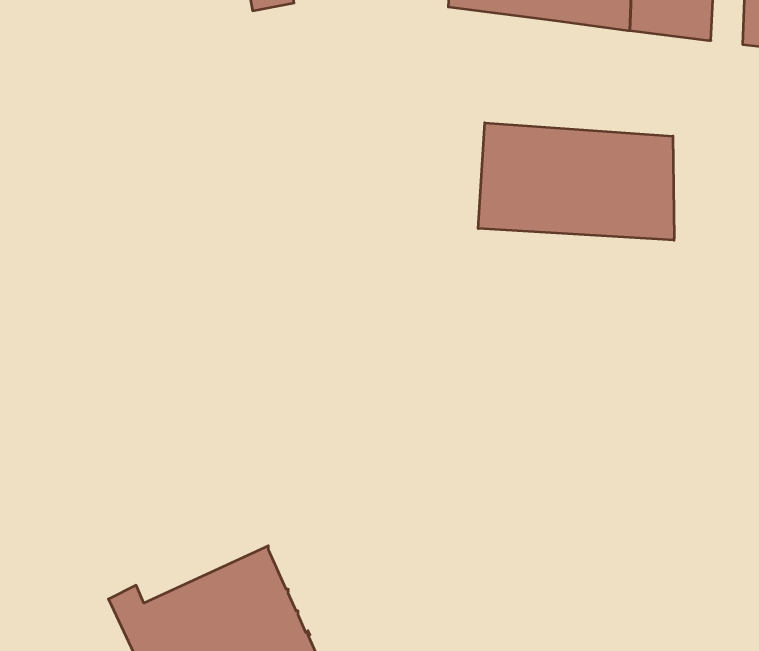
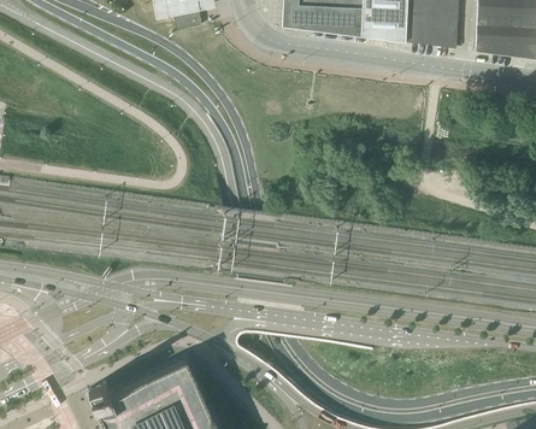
building: [478,123,674,240] -> none

